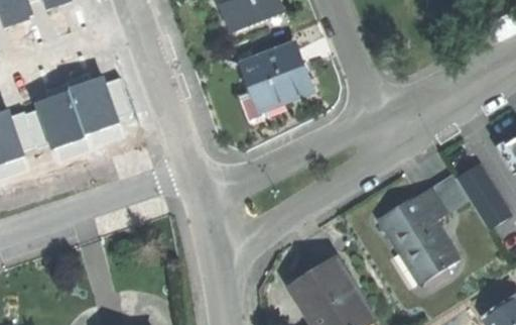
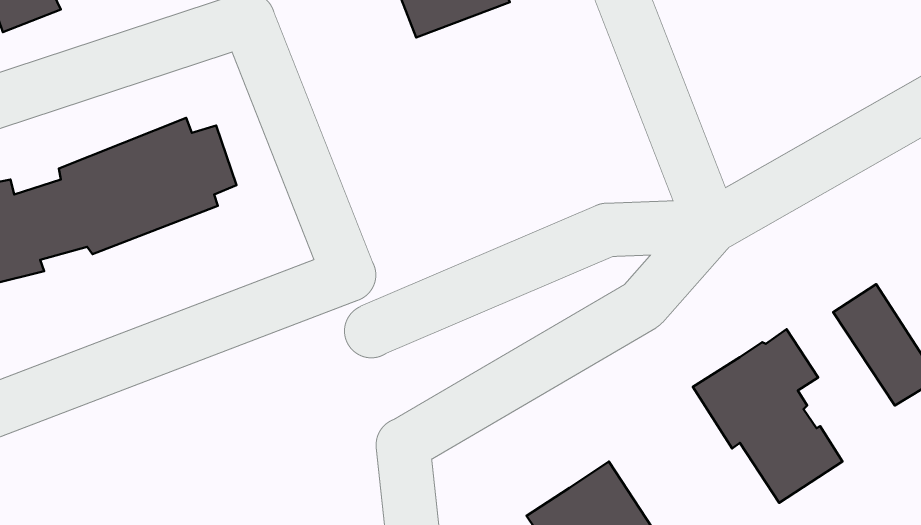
building: [245,50,304,111] -> none
building: [427,176,466,215] -> none

